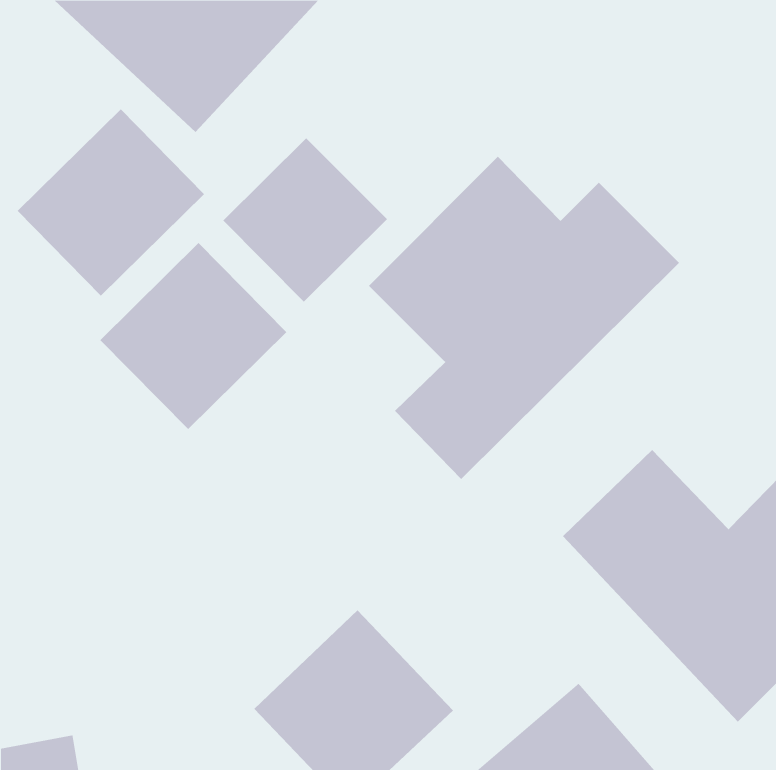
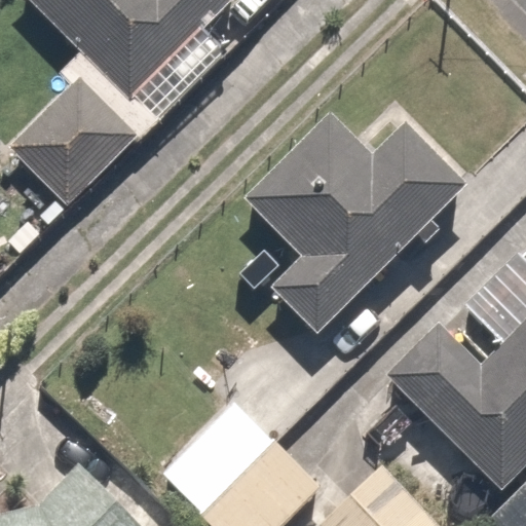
building: [222,137,388,302] -> none
building: [100,242,287,430] -> none

